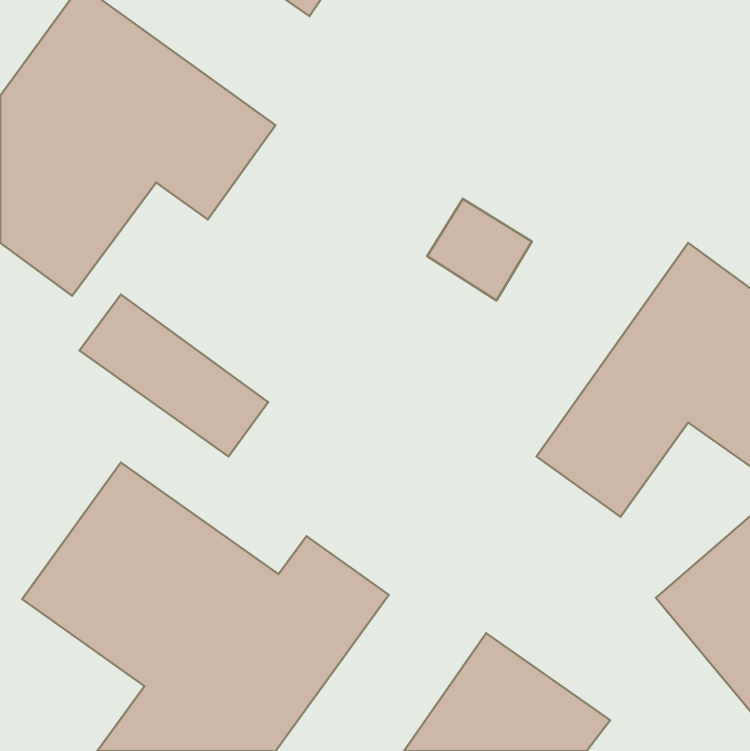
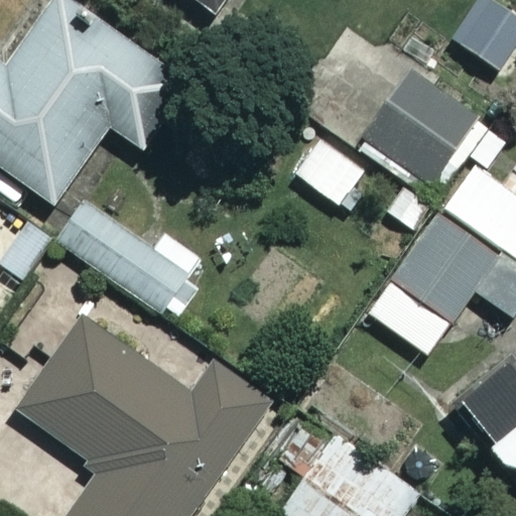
building: none -> [358,70,477,189]

